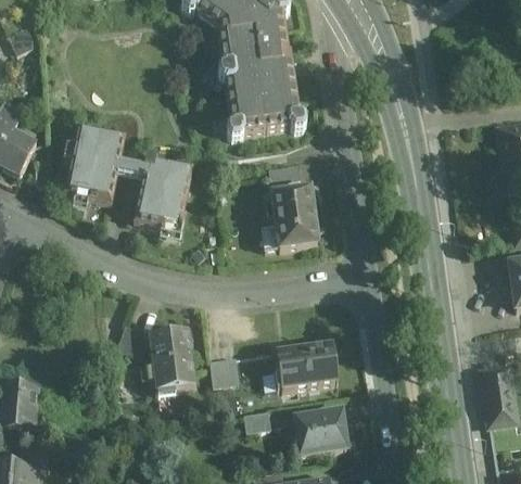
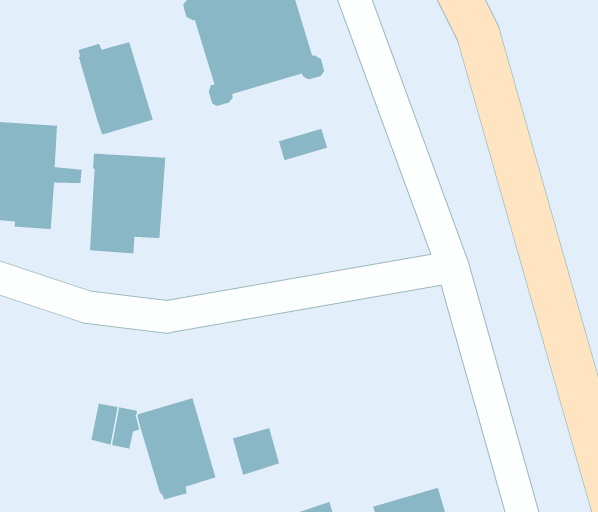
building: none -> [78,41,154,135]
building: [260,186,316,245] -> none
building: [275,341,336,387] -> none

